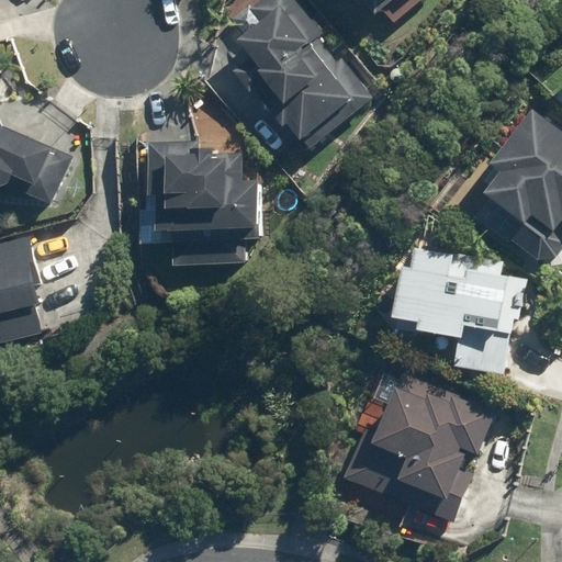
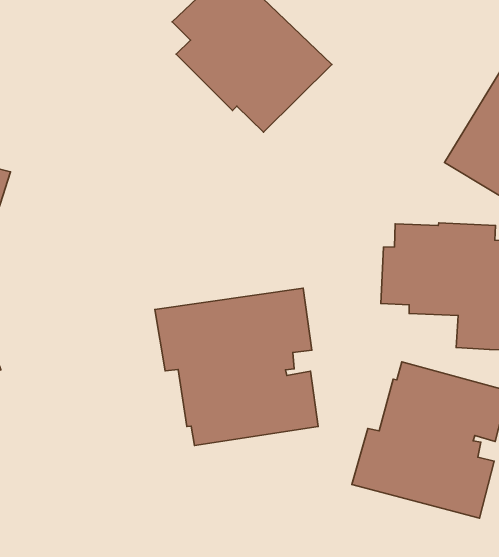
building: [146,140,258,263] -> none
building: none -> [155,288,318,445]

